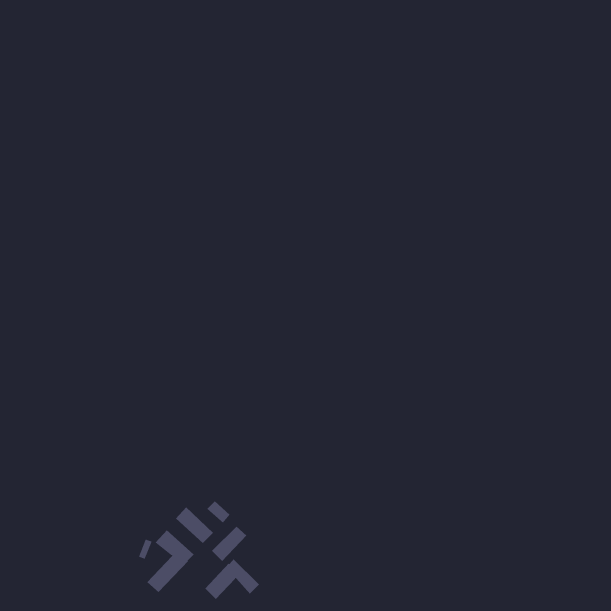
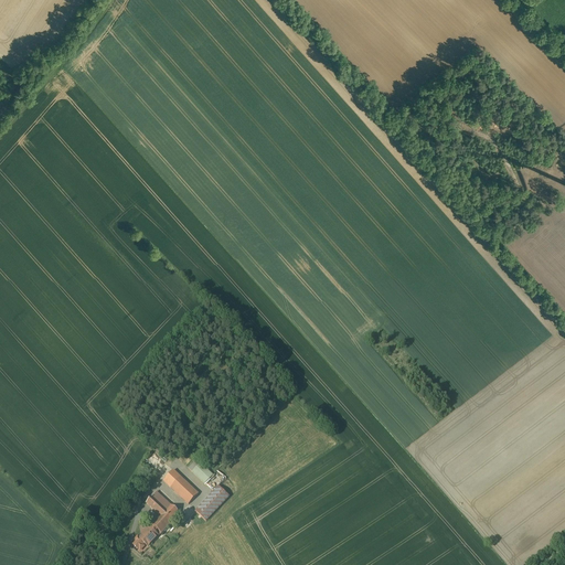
building: [205,558,260,600] -> none

